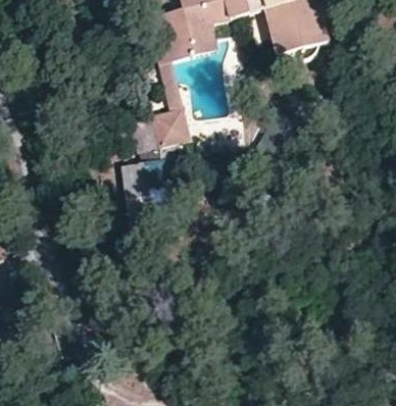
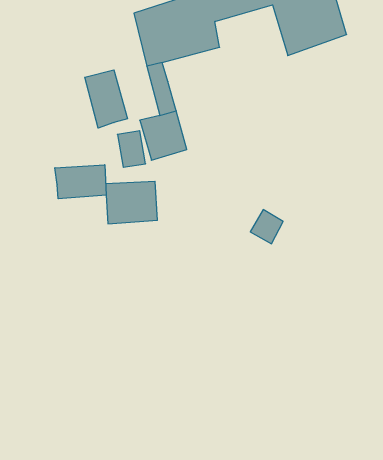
building: none -> [85,70,127,128]
building: none -> [55,165,106,199]

